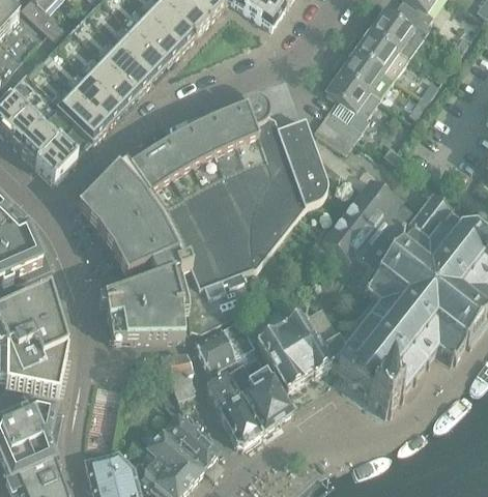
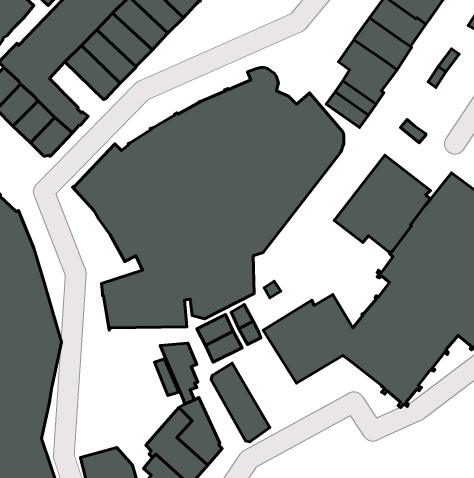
building: [55,89,106,140] -> none
building: [226,360,291,431] -> none

